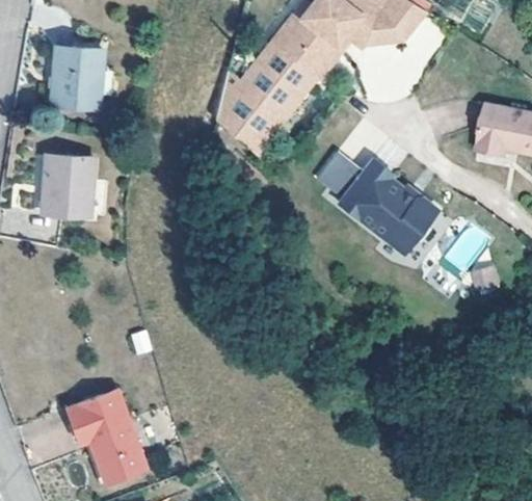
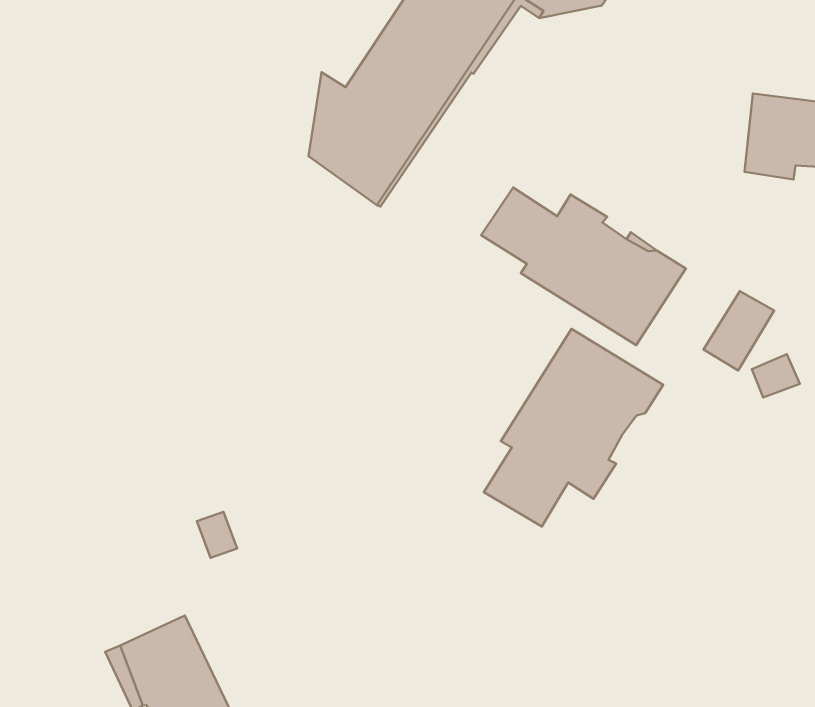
building: [50,46,102,107] -> none
building: [41,154,92,215] -> none
building: none -> [484,329,663,527]

